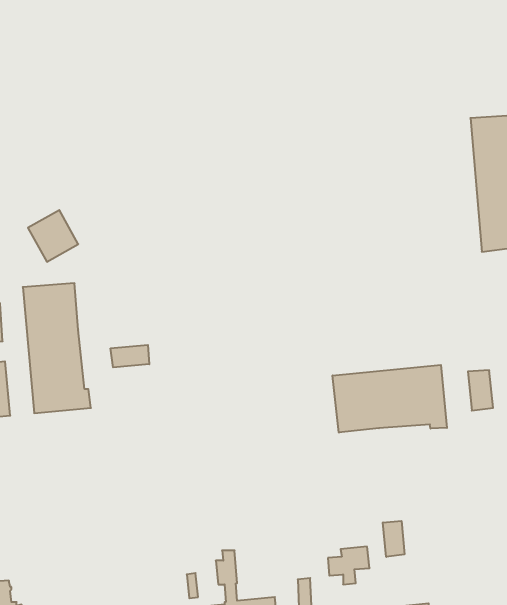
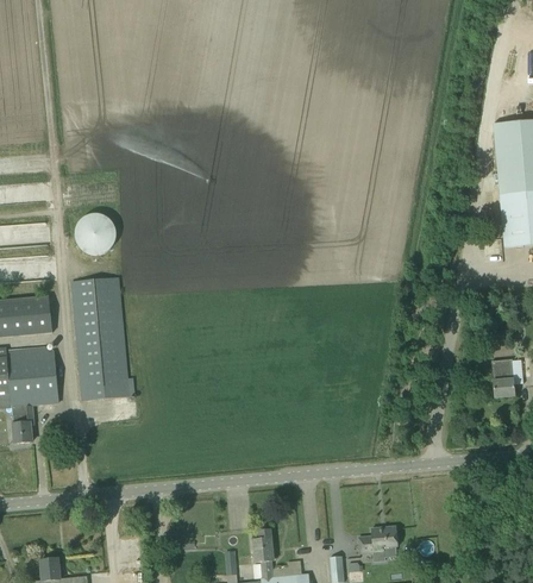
building: [111,345,149,367] -> none
building: [333,365,447,433] -> none
building: [383,521,404,557] -> none

